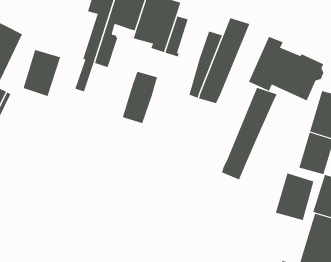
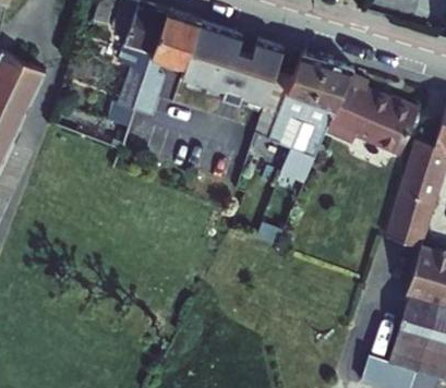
building: [23,49,61,97] -> none
building: [122,71,158,124] -> [238,39,282,105]
building: [221,87,277,180] -> [284,61,353,177]
building: [275,173,314,221] -> none

